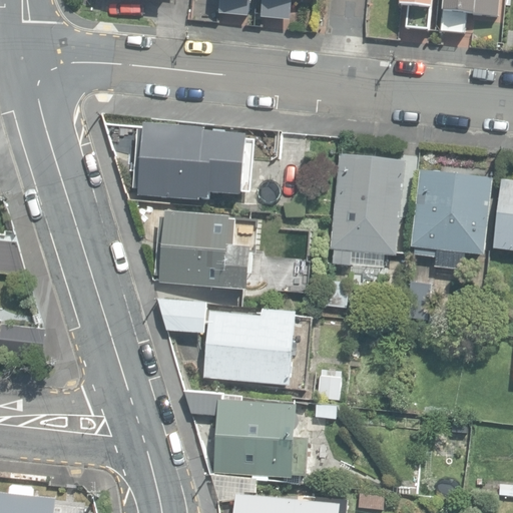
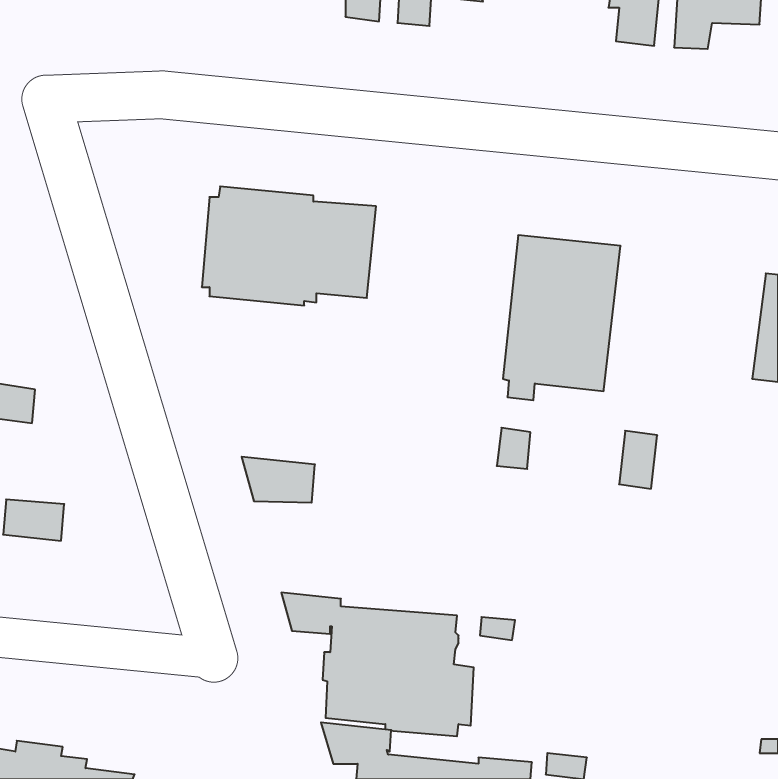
building: [411,170,493,262] -> none
building: [153,209,253,292] -> none
building: [203,308,298,385] -> none

